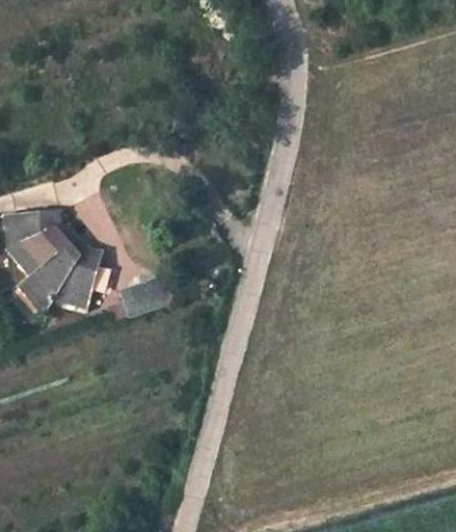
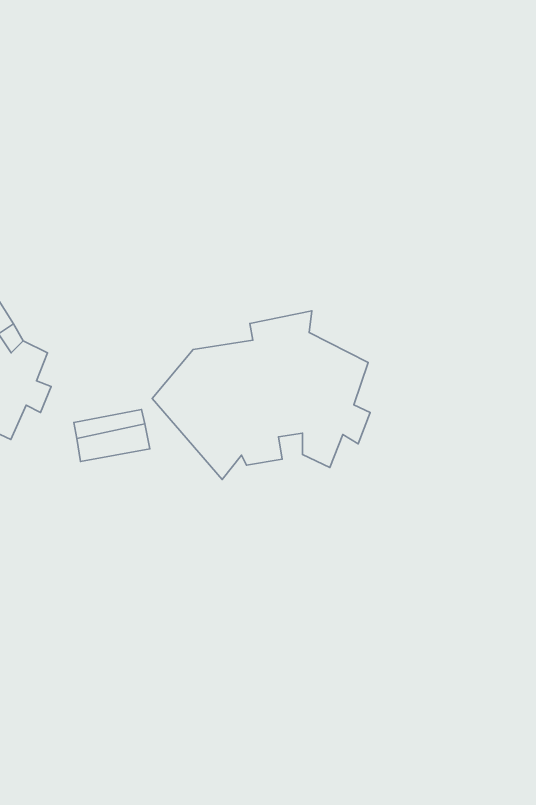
building: none -> [152,311,370,479]

